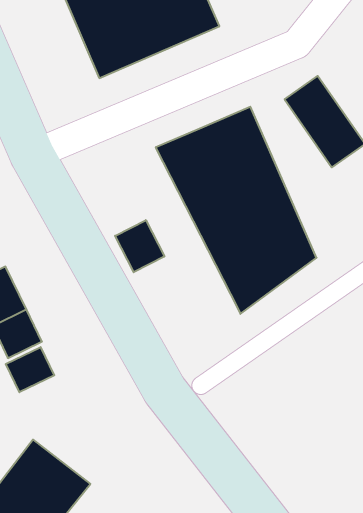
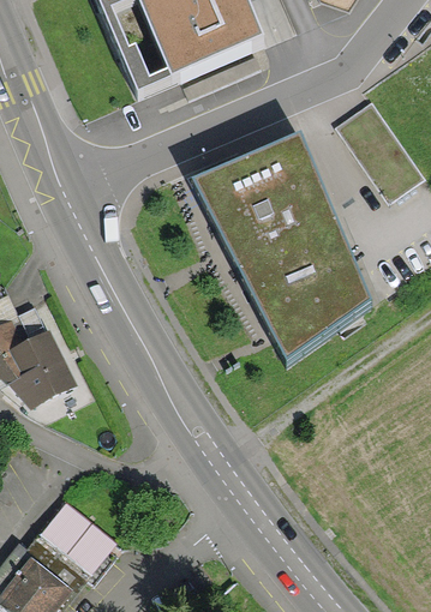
building: [115,220,164,272] -> none
building: [6,347,54,392] -> none

